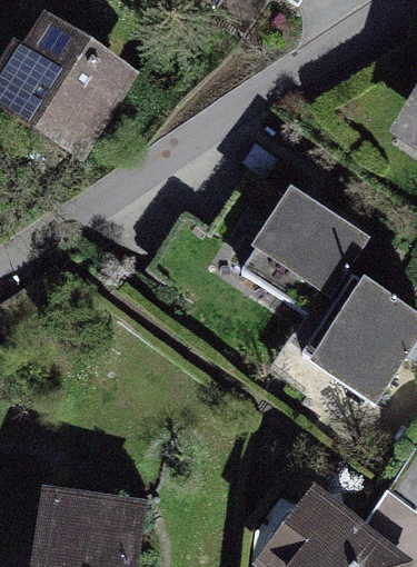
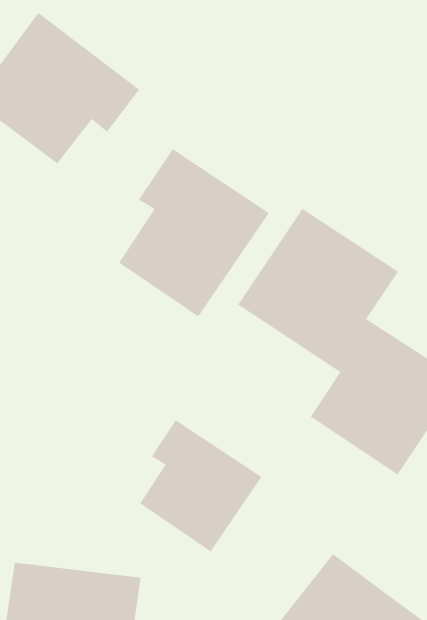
building: none -> [118,148,270,318]
building: none -> [139,419,263,552]

